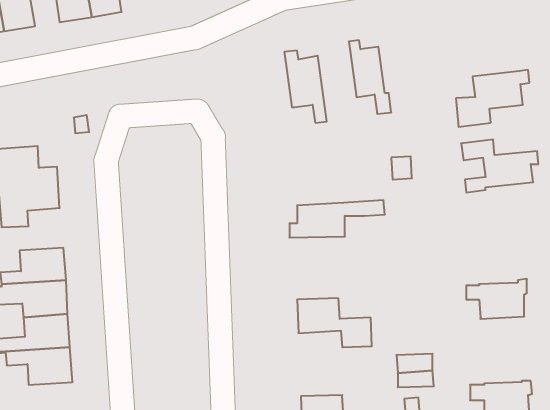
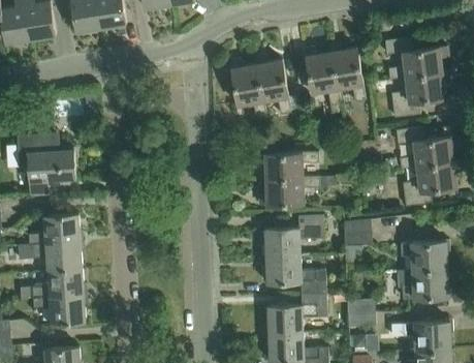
building: none -> [386,37,448,79]
building: none -> [329,43,365,101]
building: none -> [231,58,265,116]
building: none -> [258,152,318,179]
building: none -> [403,159,461,205]
building: none -> [264,214,323,254]
building: none -> [344,219,372,244]
building: none -> [397,268,451,298]
building: none -> [267,292,326,332]

